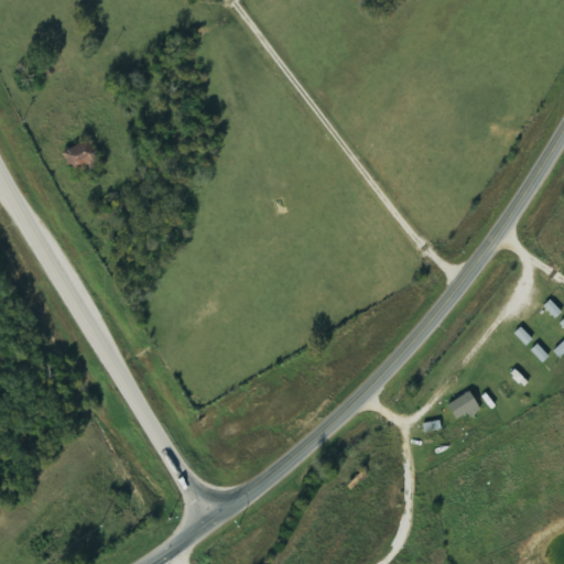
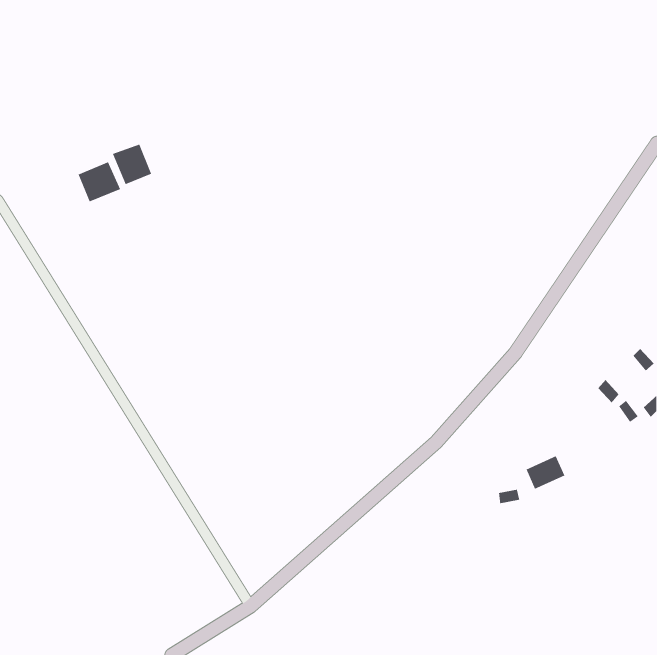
building: none -> [112,143,152,185]

